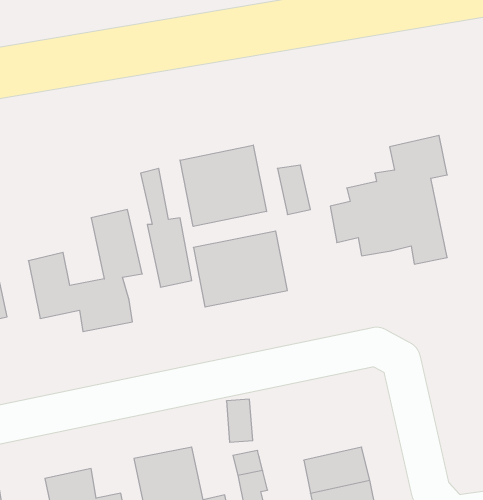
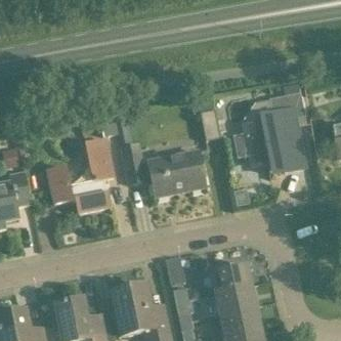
building: [180,145,267,226] -> none
building: none -> [211,263,252,292]

